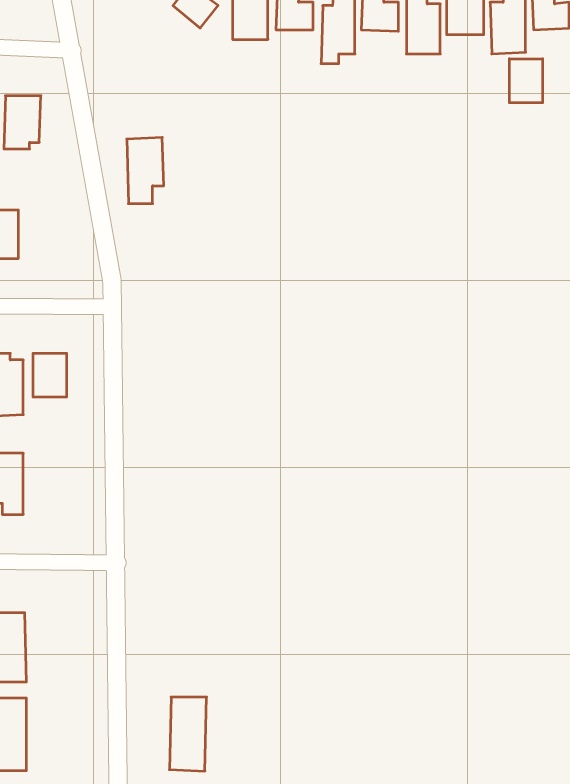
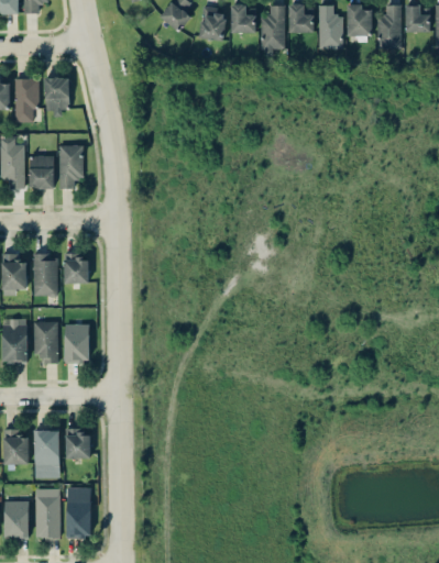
building: [509,59,543,103] -> none
building: [127,137,164,204] -> [58,144,84,189]
building: none -> [64,323,89,362]
building: none -> [65,430,90,457]
building: [169,697,207,771] -> [66,487,91,538]

